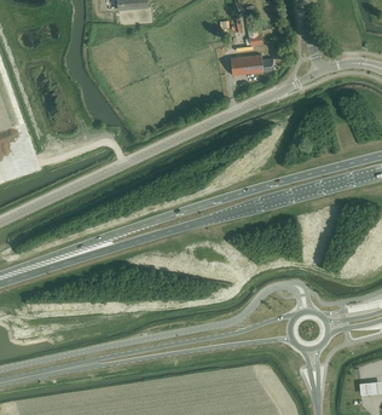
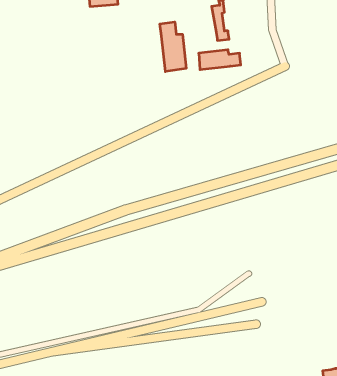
building: none -> [160,22,186,72]

